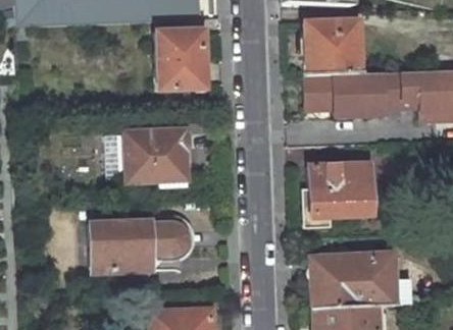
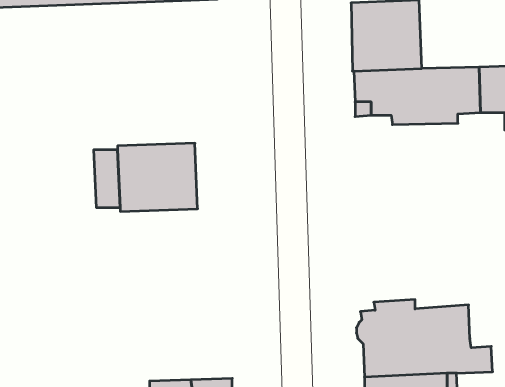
building: [156,30,205,89] -> none
building: [307,162,373,226] -> none
building: [92,220,188,271] -> none

